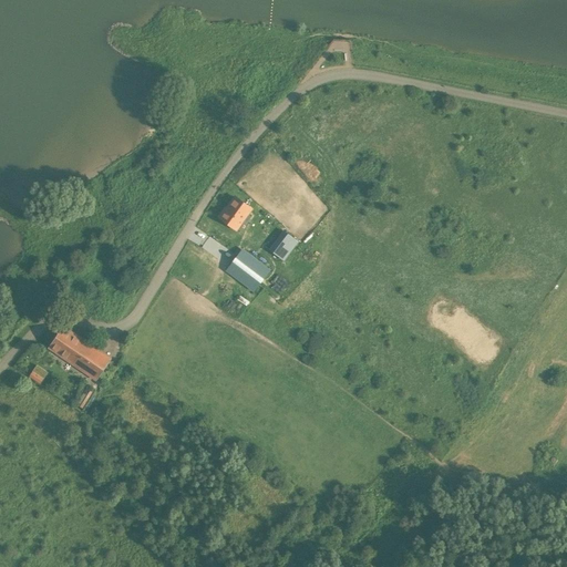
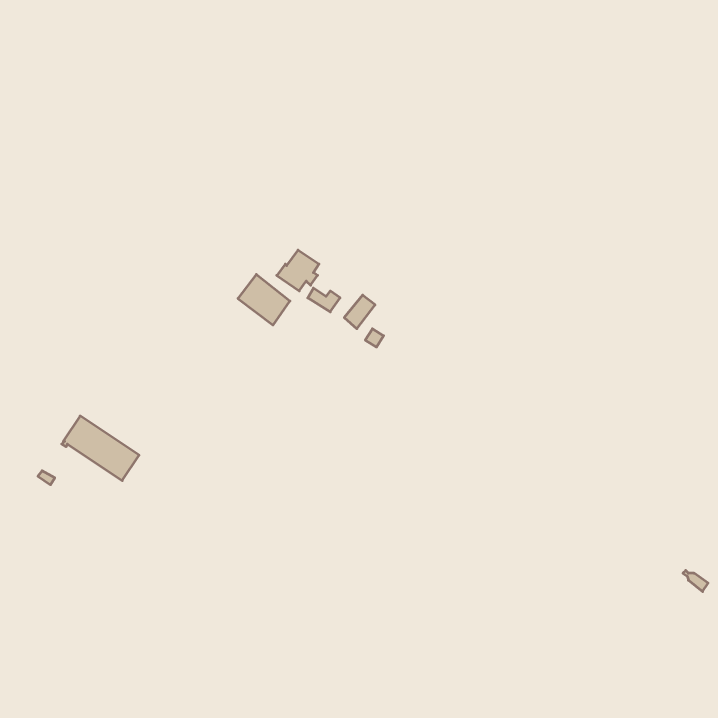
building: [227,250,268,290] -> [238,274,290,325]

